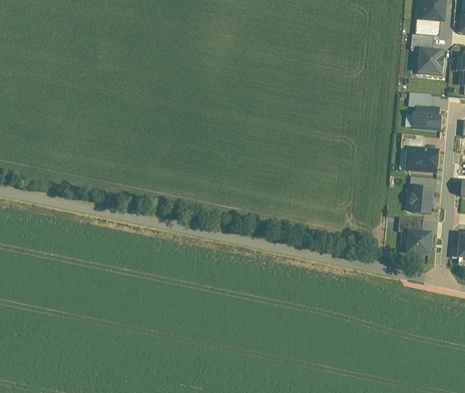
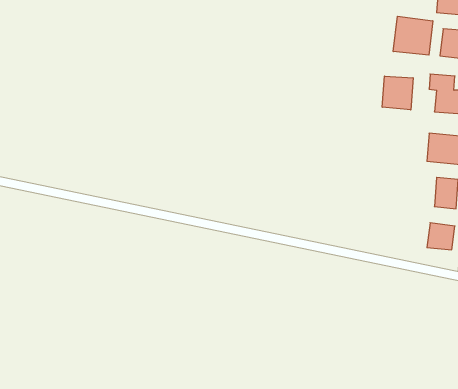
building: none -> [393,16,433,55]
building: none -> [382,76,413,110]

